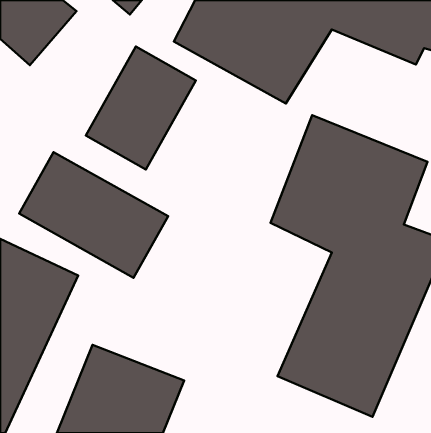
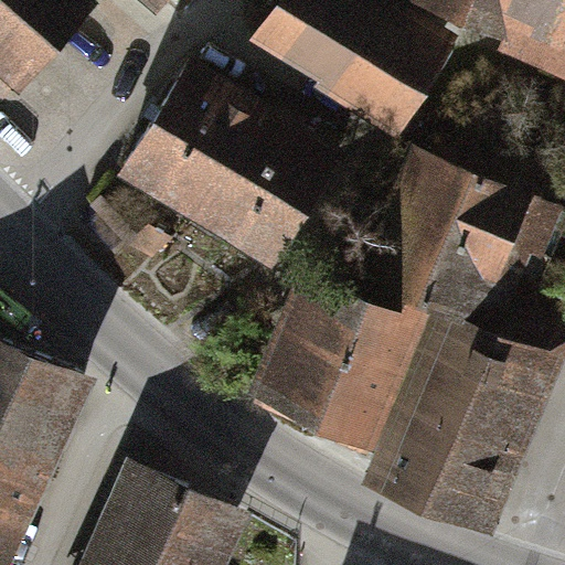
building: none -> [193,105,338,265]
building: [19,152,168,278] -> none
building: none -> [238,282,418,460]

